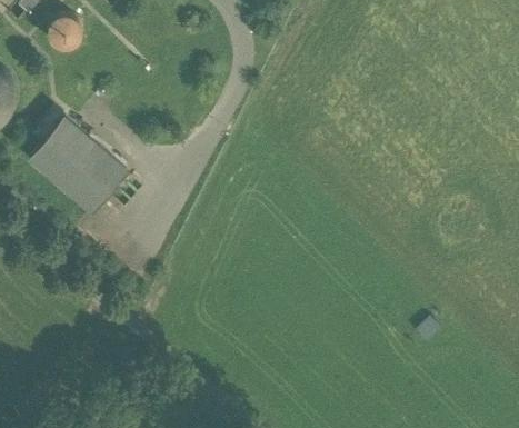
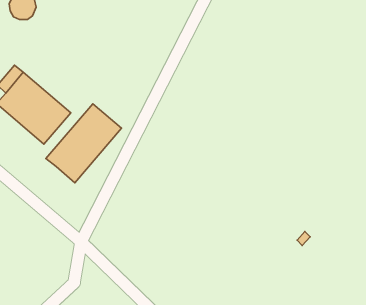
building: none -> [46,104,122,183]

